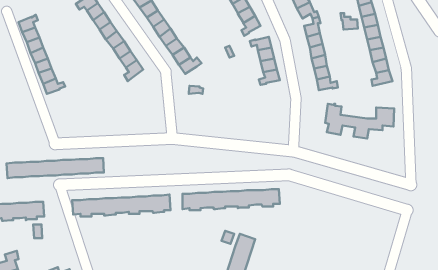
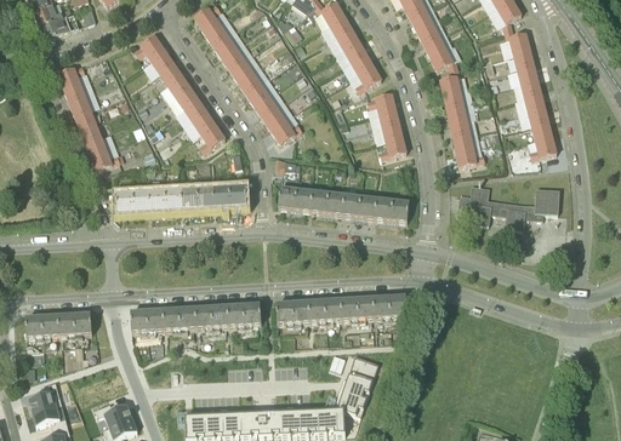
building: none -> [277,185,408,220]
building: [7,158,104,178] -> [115,185,245,212]

